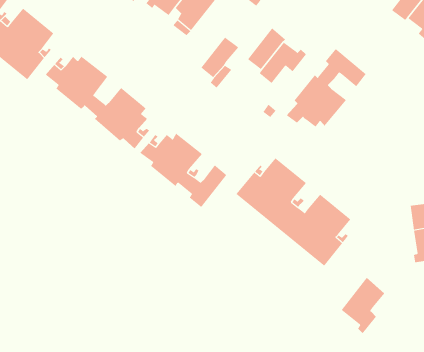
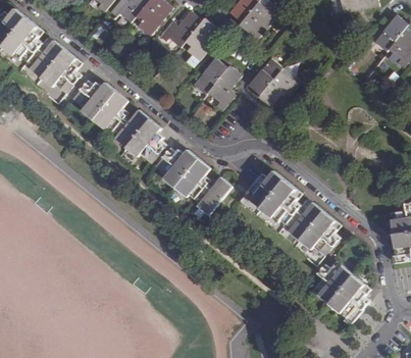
building: none -> [193,57,226,94]
building: [286,48,367,127] -> none
building: none -> [313,261,352,303]

